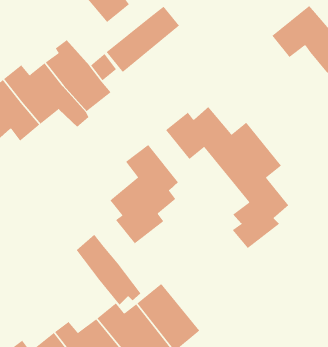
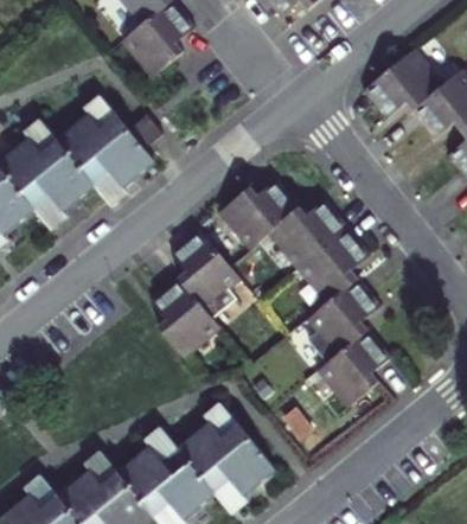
building: [106,6,180,73] -> none
building: none -> [324,330,396,407]
building: [76,234,141,305] -> none

